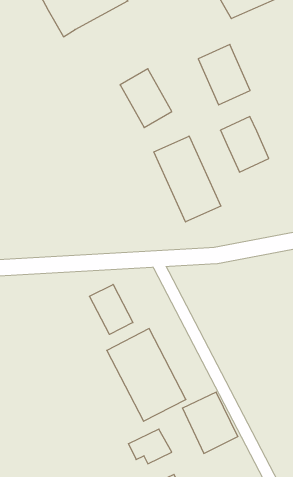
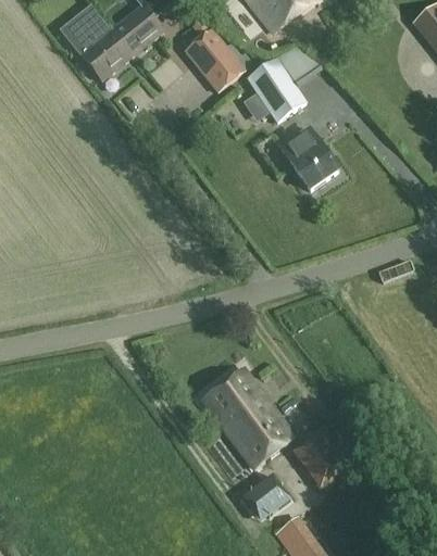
building: [120,69,172,128] -> [190,25,249,87]
building: [154,136,221,222] -> none
building: [89,284,133,334] -> none

